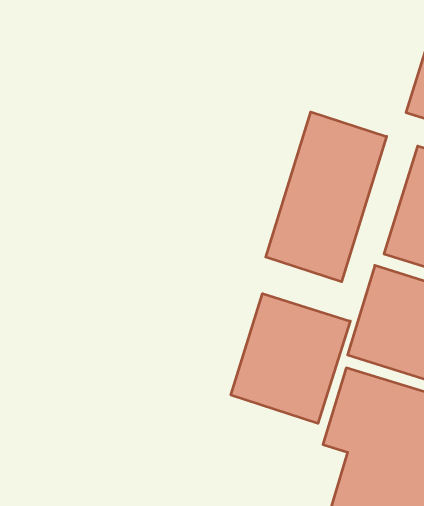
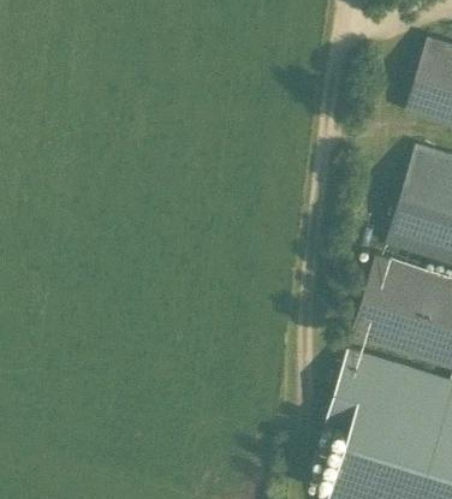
building: [266,112,387,282] -> none
building: [231,294,350,423] -> none

